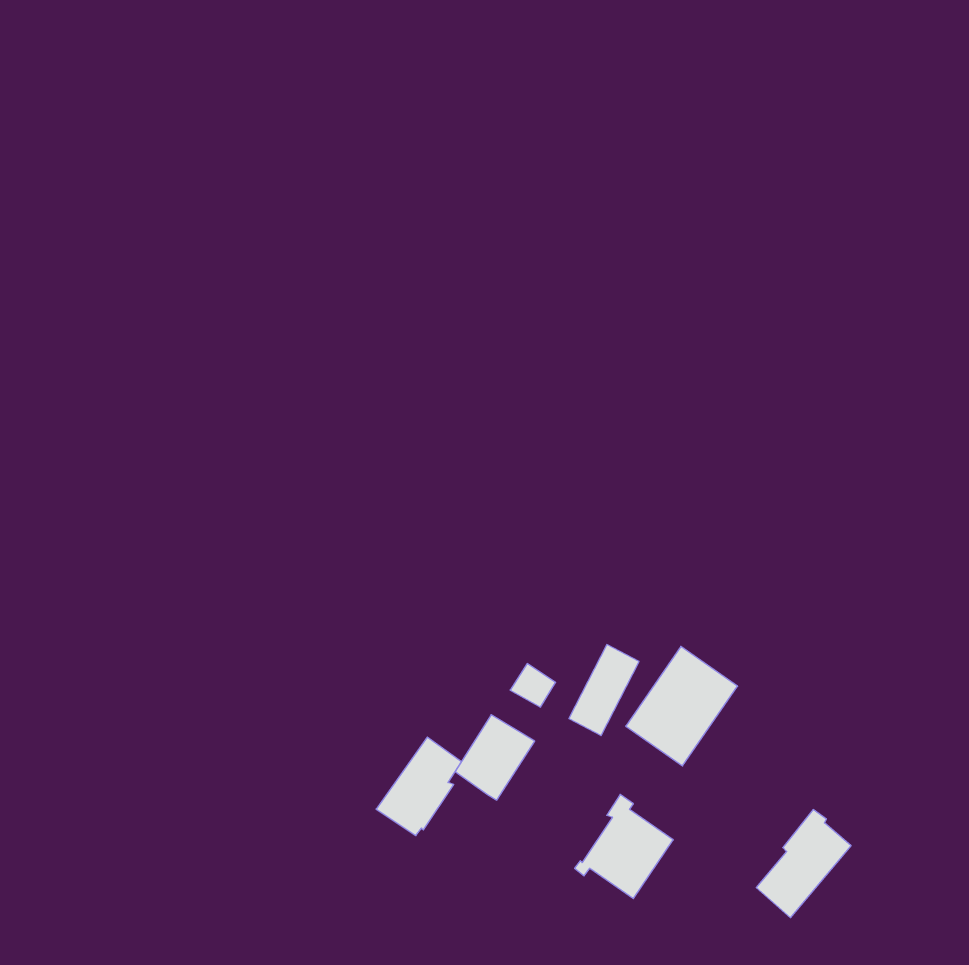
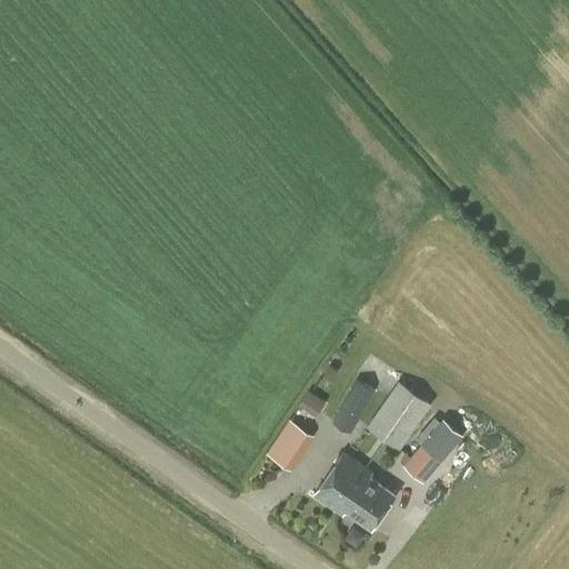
building: [376,737,461,836] -> [313,453,363,511]
building: [756,810,851,918] -> [403,420,459,483]

